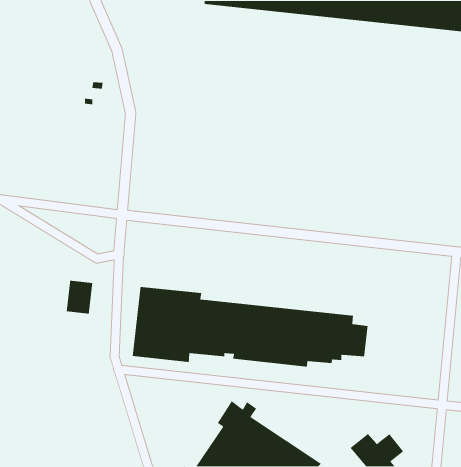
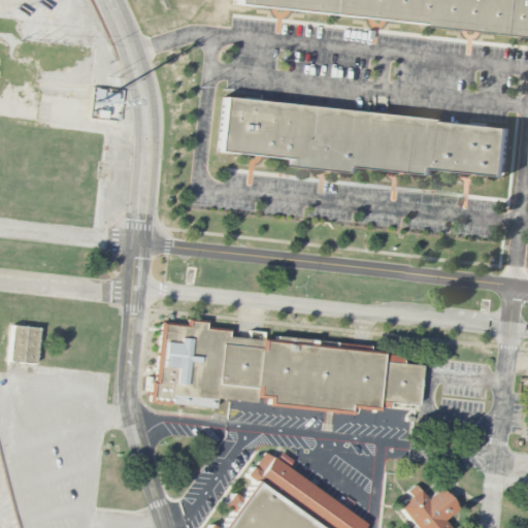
building: none -> [223,97,515,176]
building: [66,280,93,315] -> [13,325,44,364]

